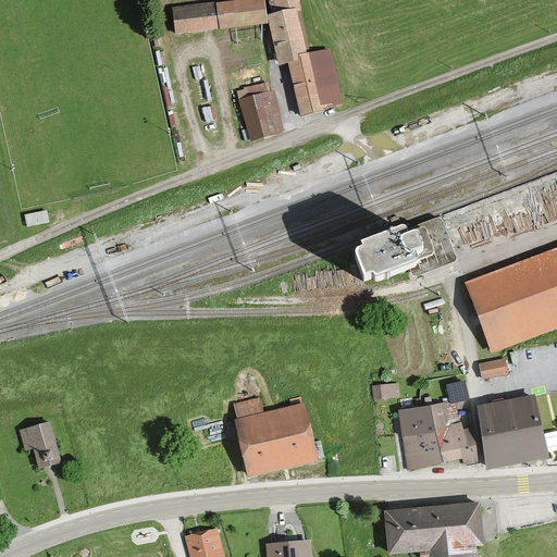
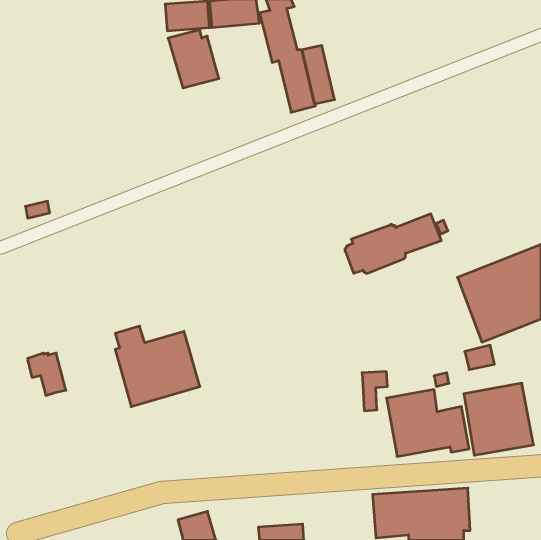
building: [233,81,285,140] -> [168,30,219,88]
building: [233,395,320,478] -> [115,326,200,407]
building: [21,423,60,467] -> [28,353,66,395]

